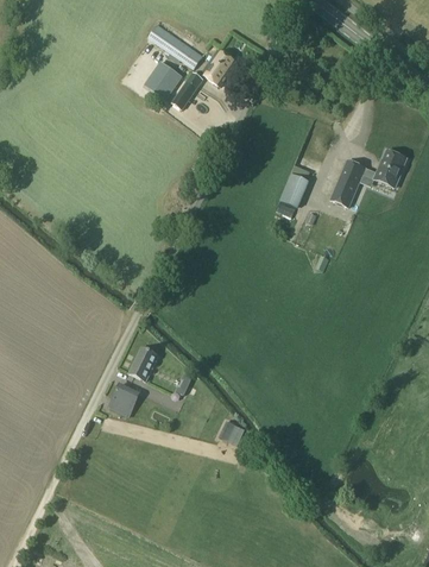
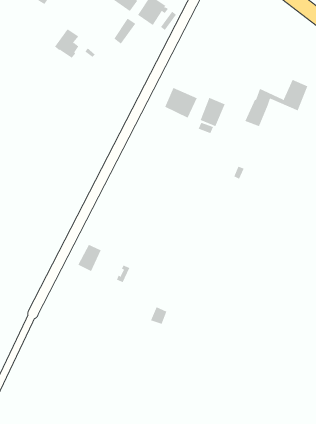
building: [146,63,176,99] -> [54,29,79,58]
building: none -> [164,87,197,118]
building: [109,383,140,416] -> none

